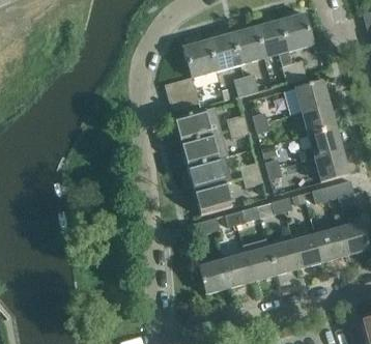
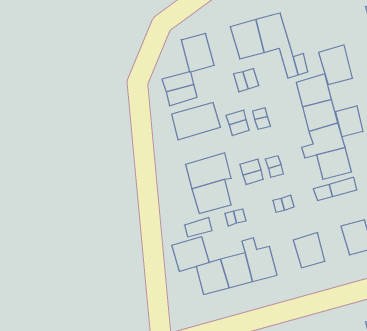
building: [280,12,313,51] -> [319,45,353,84]
building: [207,33,240,70] -> none
building: none -> [335,106,363,137]
building: [180,131,228,167] -> none
building: [316,227,347,261] -> none
building: none -> [172,237,209,271]
building: [269,240,301,275] -> none

